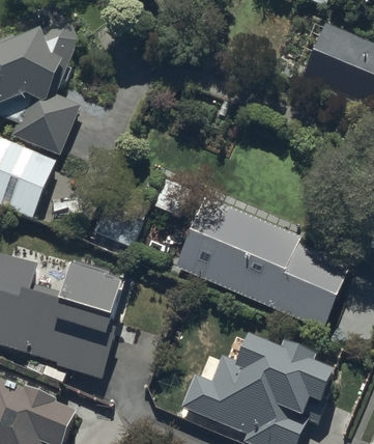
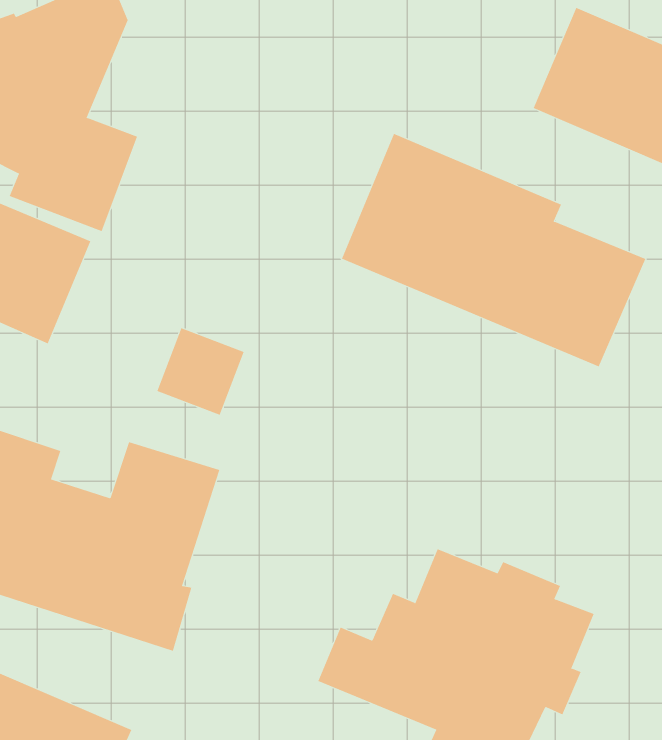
building: [176,190,345,320] -> [341,133,646,367]

